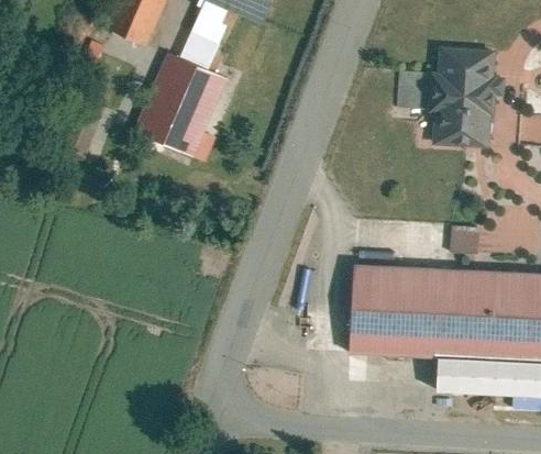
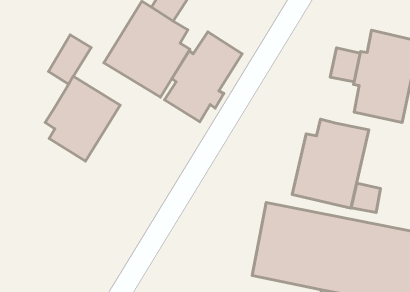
building: none -> [164,32,242,122]
building: none -> [45,76,120,161]
building: none -> [292,119,369,208]

